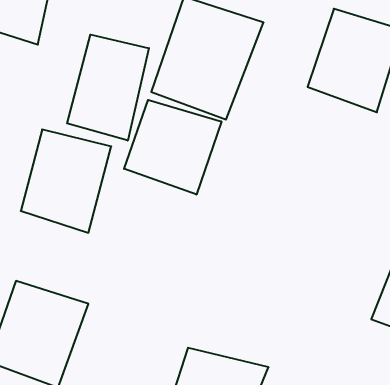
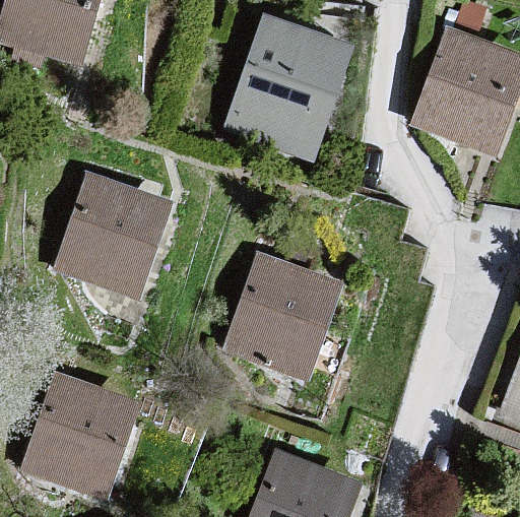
building: [67,35,149,141] -> none
building: [124,100,221,195] -> none
building: none -> [224,256,344,378]

